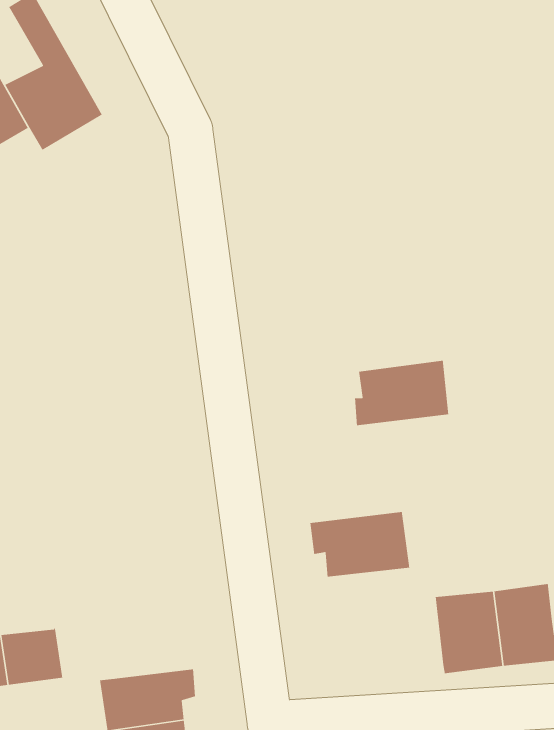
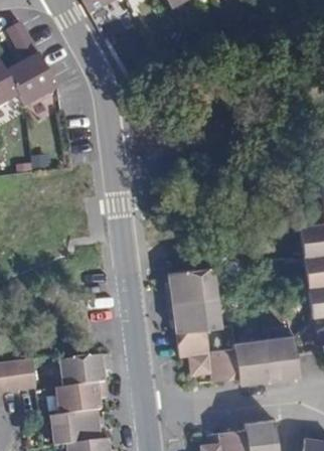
building: [354,360,449,426] -> [166,268,216,303]
building: none -> [176,326,237,382]
building: none -> [60,354,112,386]

